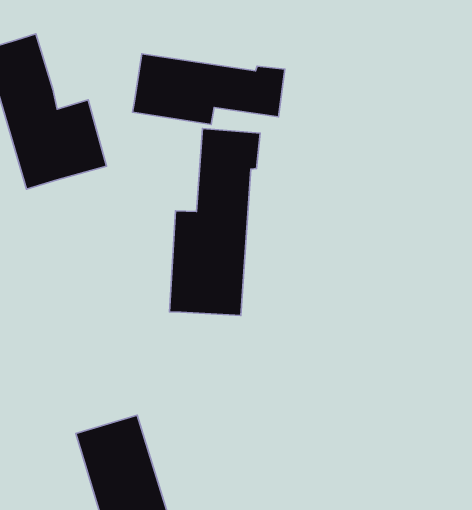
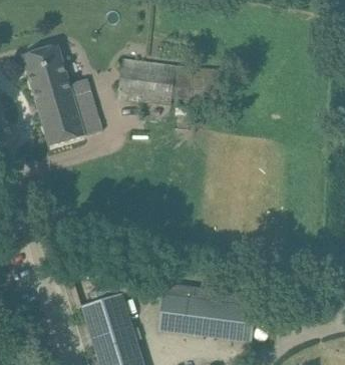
building: [170,128,260,316] -> none
building: none -> [157,284,257,343]

